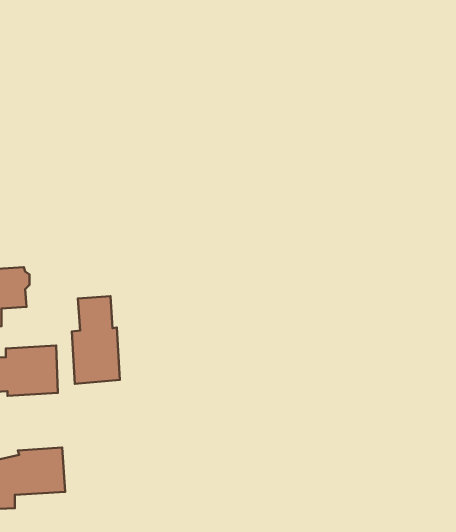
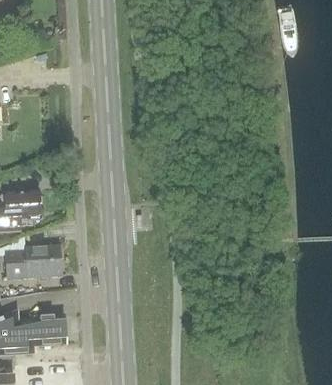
building: [72,296,120,384] -> none

